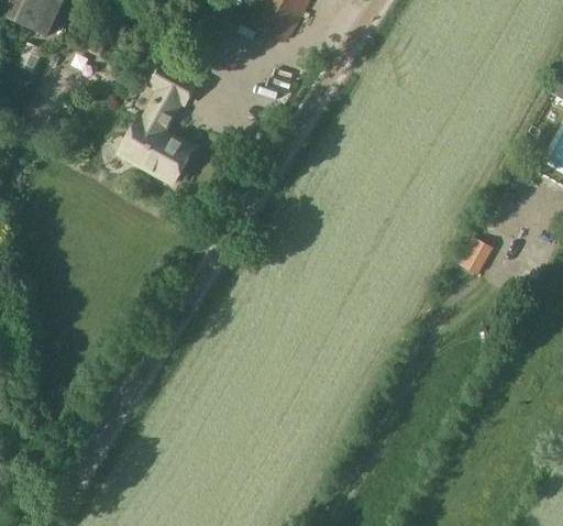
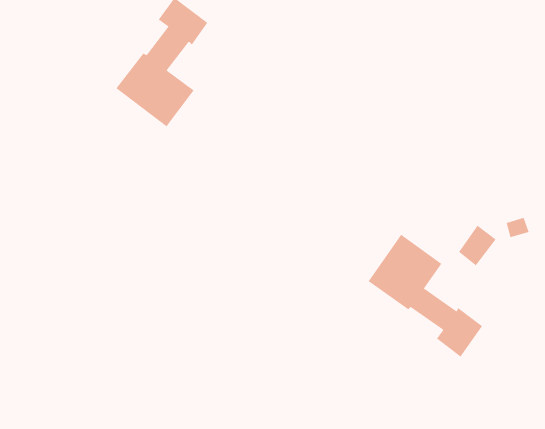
building: none -> [368,234,483,357]

